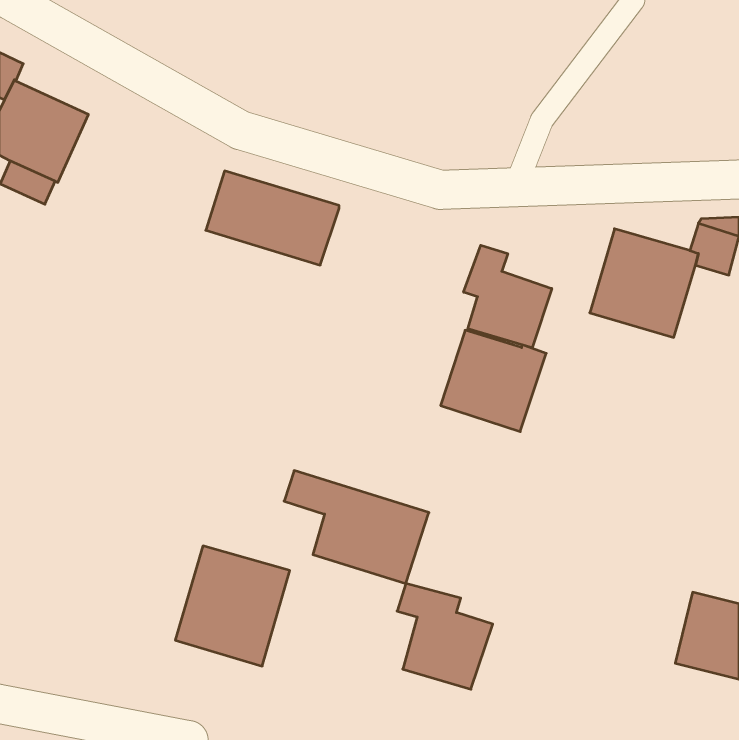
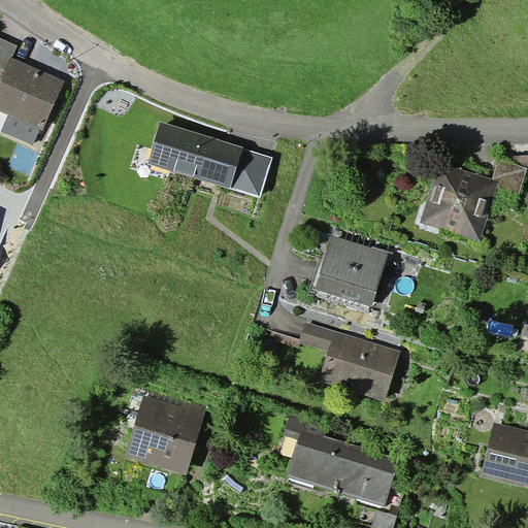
building: none -> [228,148,271,198]
building: [464,245,552,348] -> none
building: [284,471,429,584] -> [297,322,400,402]
building: none -> [335,444,399,506]

